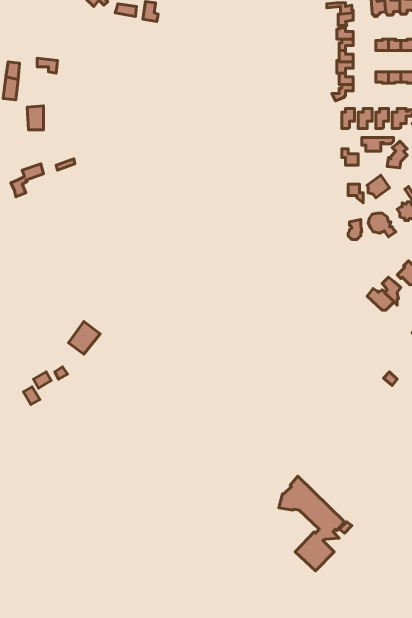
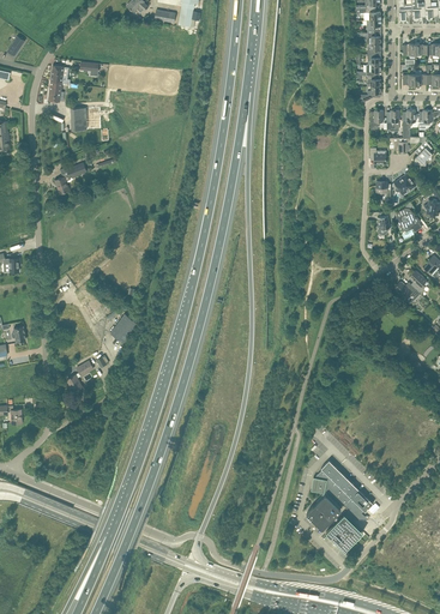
building: none -> [307,495,340,530]

